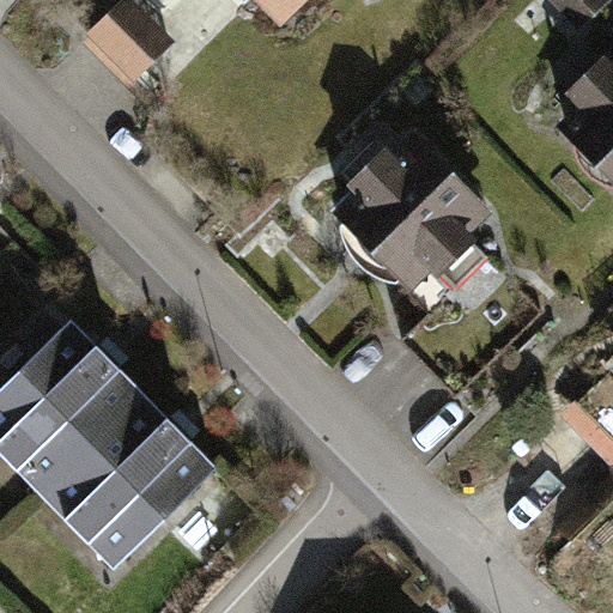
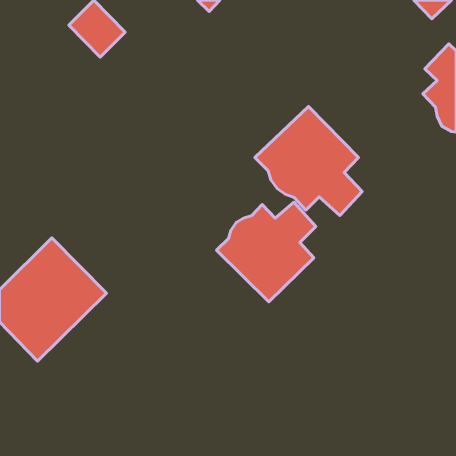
building: none -> [217,202,316,302]
building: [50,394,216,559] -> none

